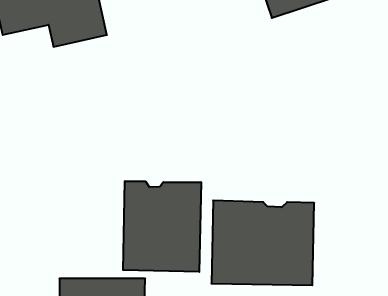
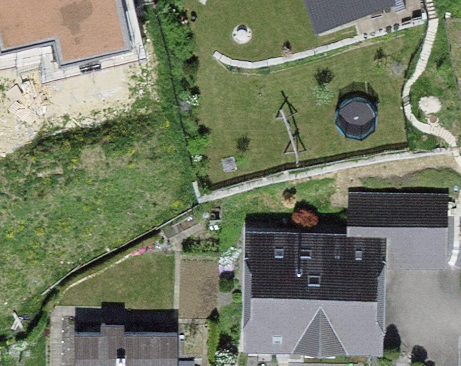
building: none -> [349,201,439,262]
building: [123,181,201,272] -> none

